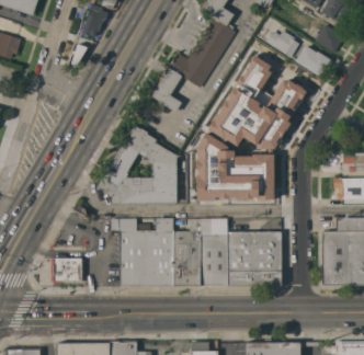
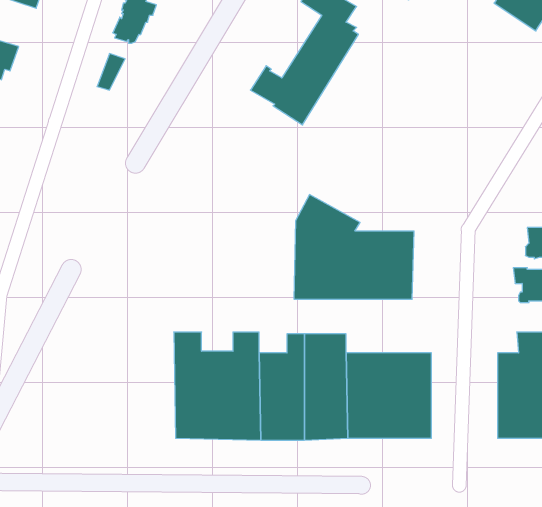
building: [315,24,344,53] -> none
building: [266,30,330,76] -> none
building: [208,57,302,148] -> none
building: [150,66,182,112] -> none
building: [99,125,177,202] -> none
building: [52,256,82,284] -> none

